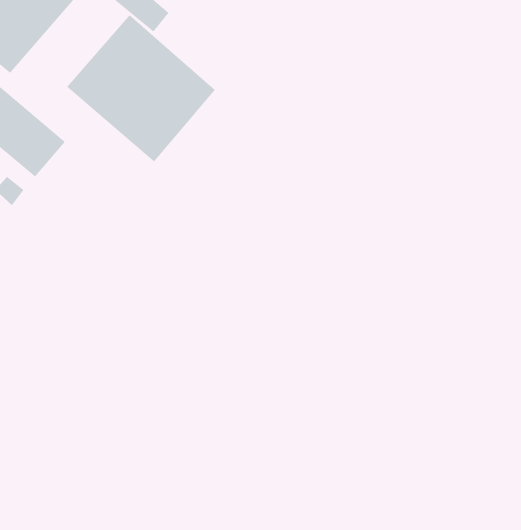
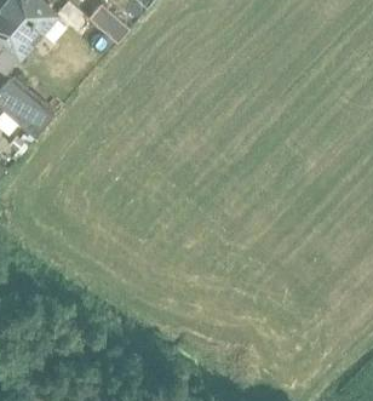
building: [66,14,216,162] -> none

